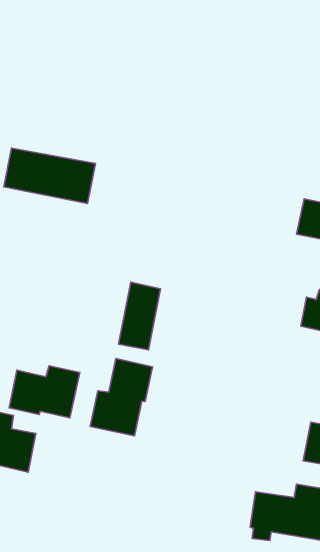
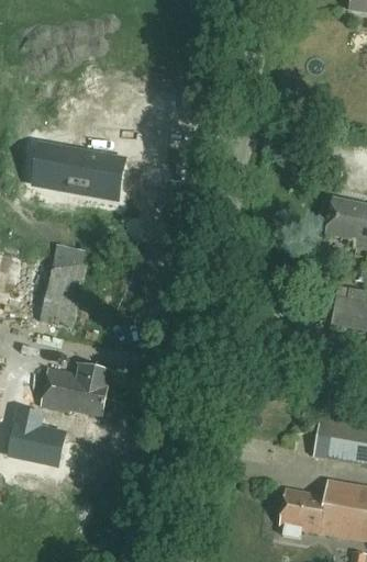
building: [119,282,161,350] -> [42,258,84,325]
building: [90,358,152,436] -> none
building: none -> [314,416,341,458]

